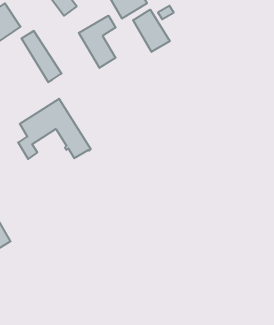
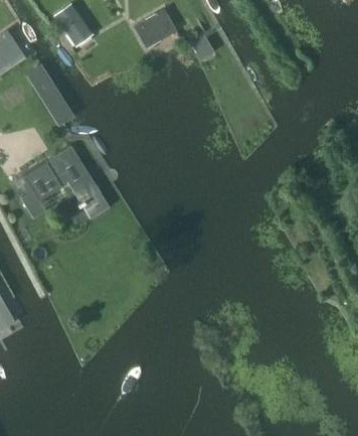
building: [133,10,170,52] -> none
building: [79,16,116,68] -> none

